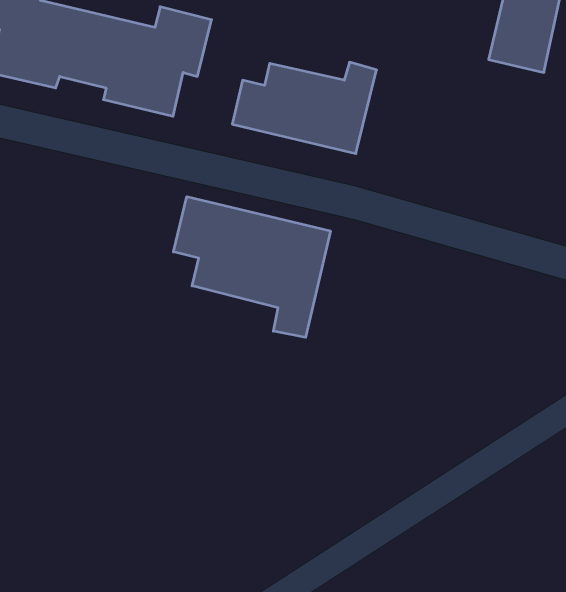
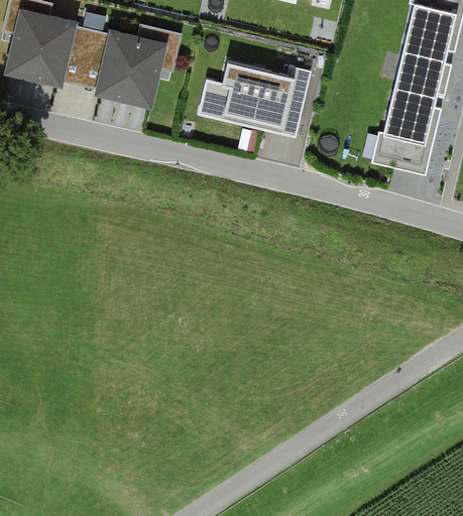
building: none -> [377,63,443,169]
building: [173,197,330,337] -> none

